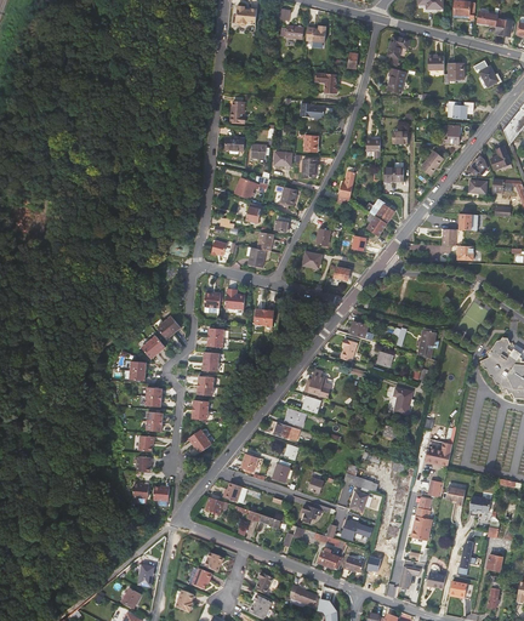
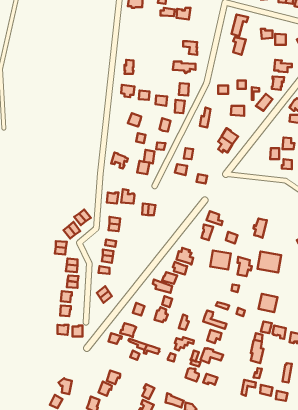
building: none -> [210,250,231,270]
building: none -> [258,251,281,273]

